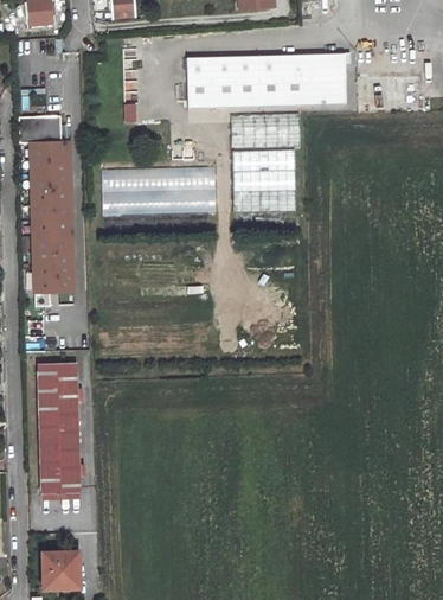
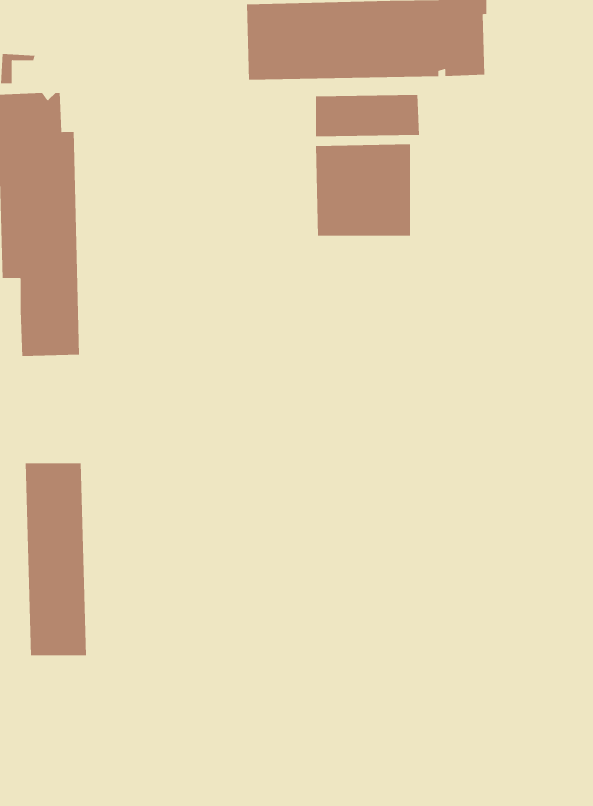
building: [107,170,214,213] -> none
building: [43,550,79,587] -> none

